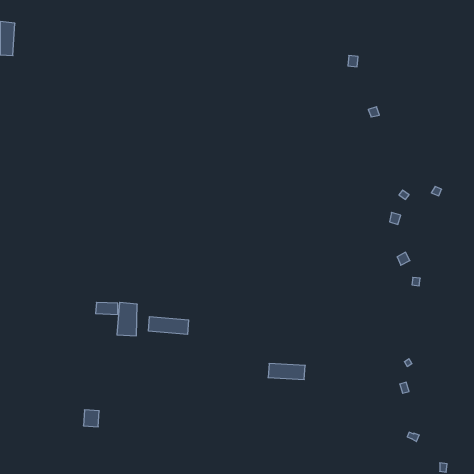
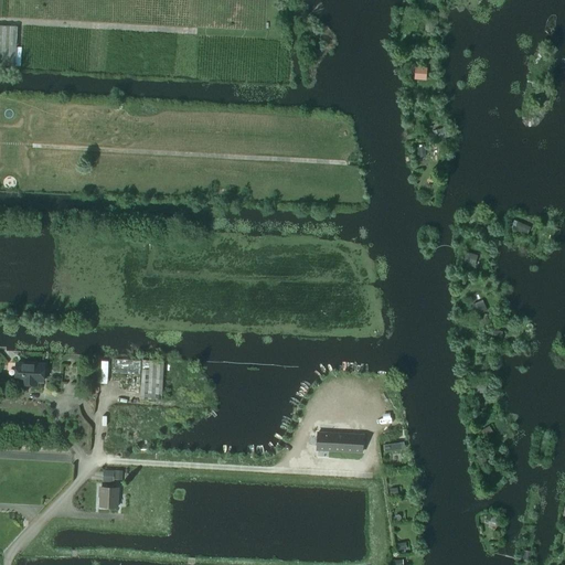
building: none -> [15,363,44,385]
building: [149,317,189,334] -> none

